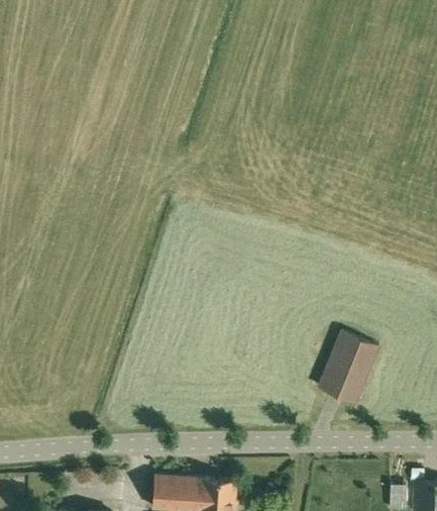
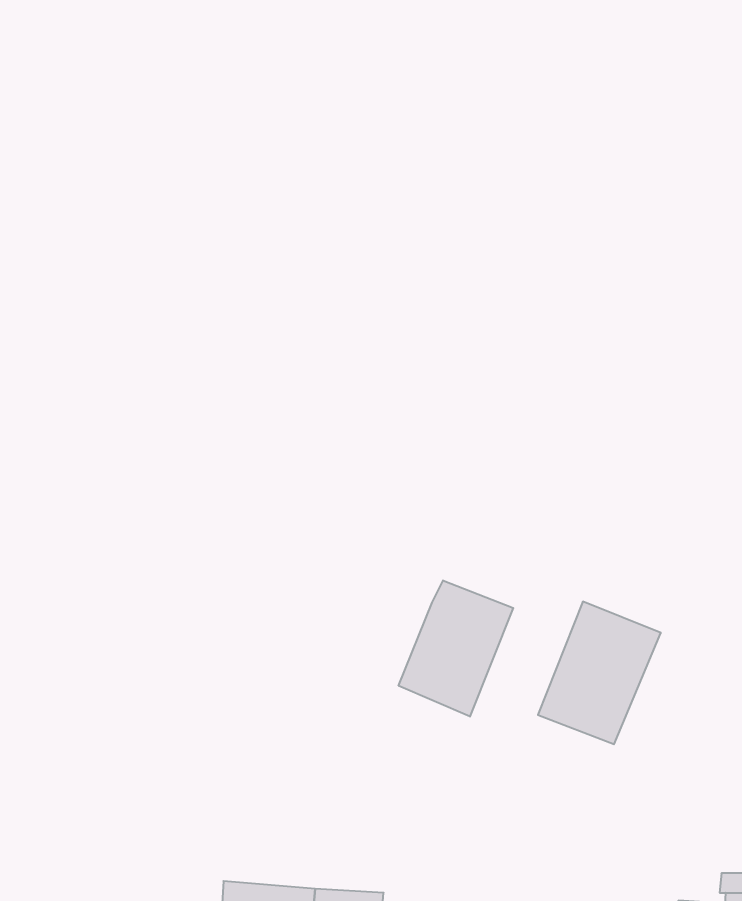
building: none -> [399,580,513,717]

